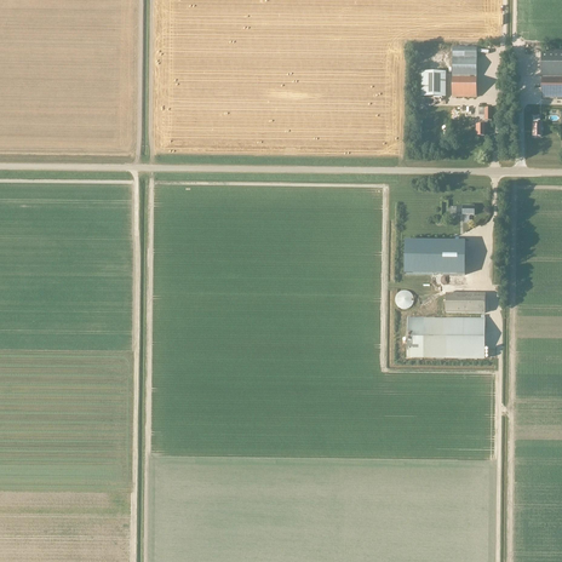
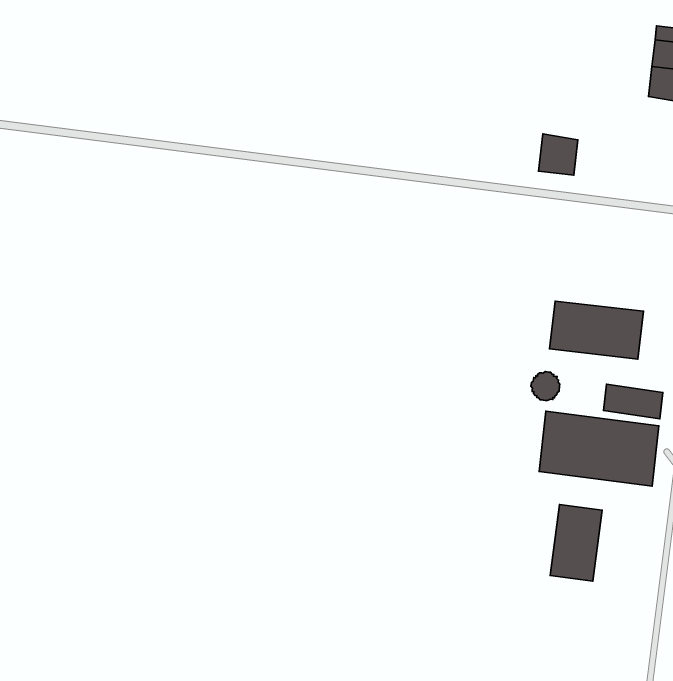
building: [422,69,446,94] -> [539,134,578,175]
building: none -> [550,505,602,581]

